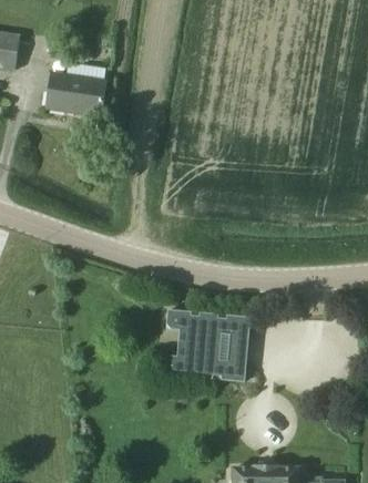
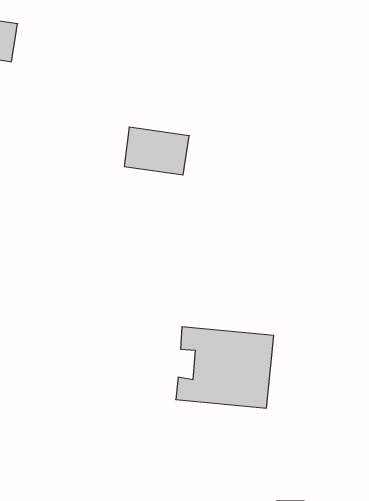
building: [47,72,105,115] -> [124,127,189,175]

